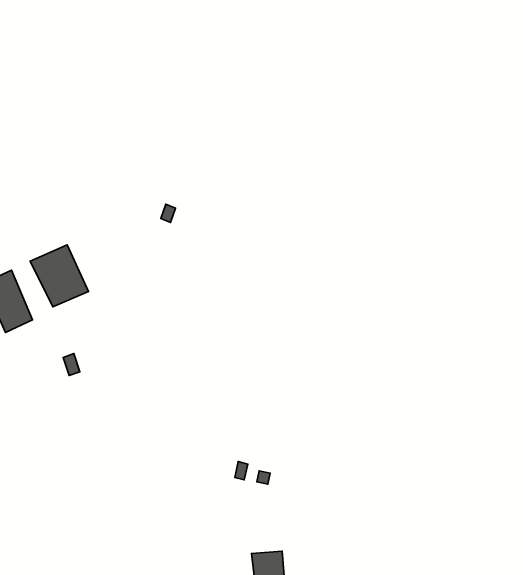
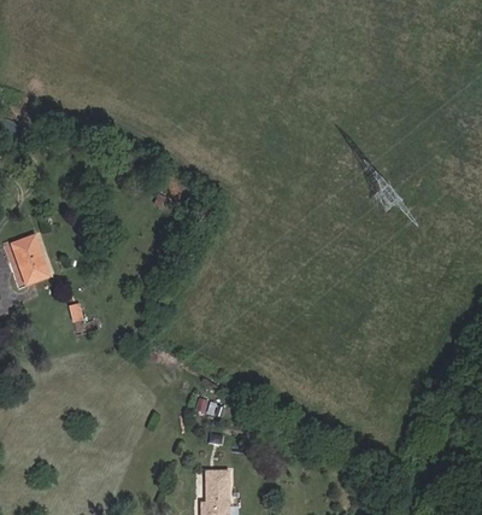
building: [30,245,88,307] -> none

